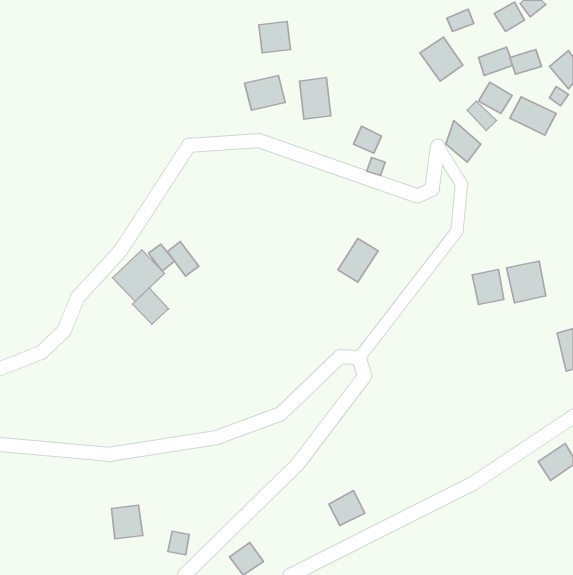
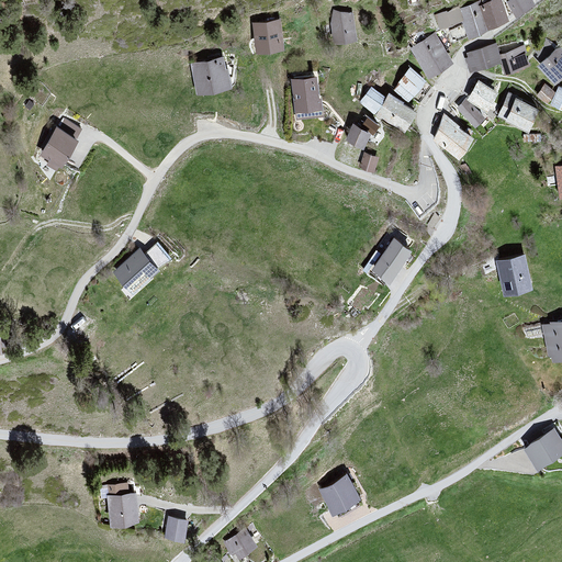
building: none -> [460,5,488,37]
building: none -> [328,10,356,38]
building: none -> [394,68,424,99]
building: [245,75,285,110] -> [193,60,233,94]
building: none -> [357,87,418,132]
building: none -> [37,128,77,170]
building: [338,238,378,282] -> [374,238,414,281]
building: [168,241,199,276] -> none
building: [472,269,504,305] -> none
building: [133,288,168,324] -> none

